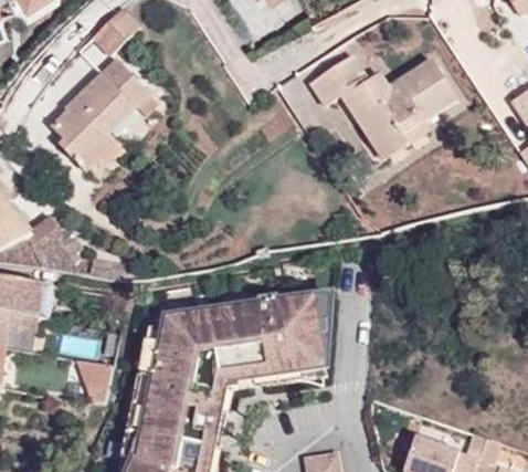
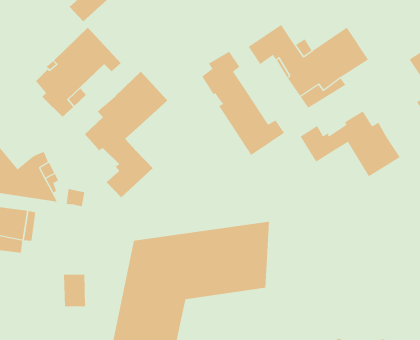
building: none -> [201,51,285,156]
building: none -> [84,71,168,198]
building: none -> [300,111,400,177]

